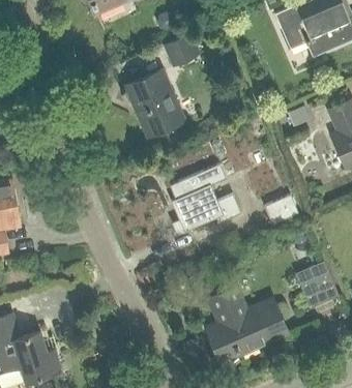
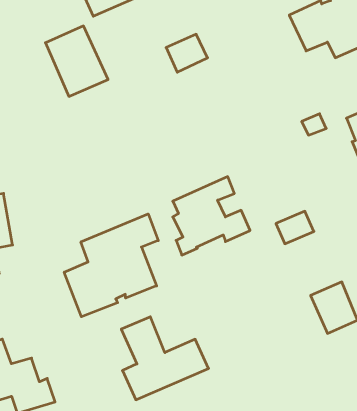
building: [127,70,185,136] -> [45,26,108,96]
building: none -> [64,214,158,317]
building: [207,285,288,361] -> [121,317,209,400]

